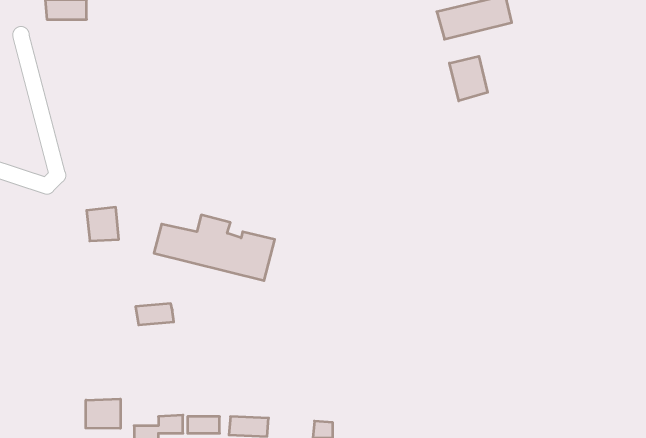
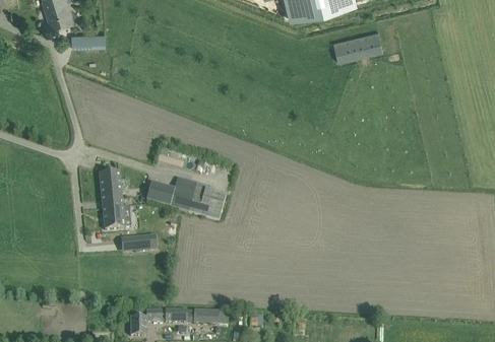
building: [449,56,488,101] -> none
building: none -> [102,194,124,230]
building: [86,399,120,428] -> none

